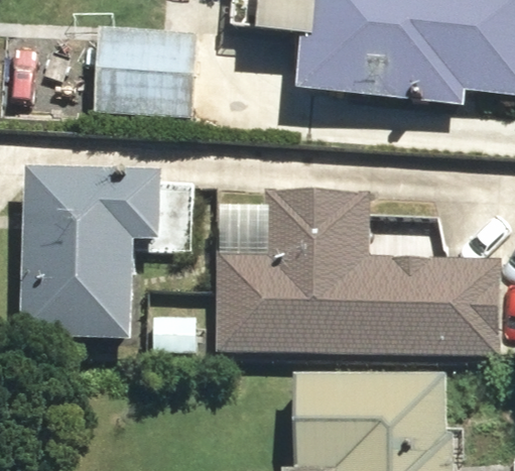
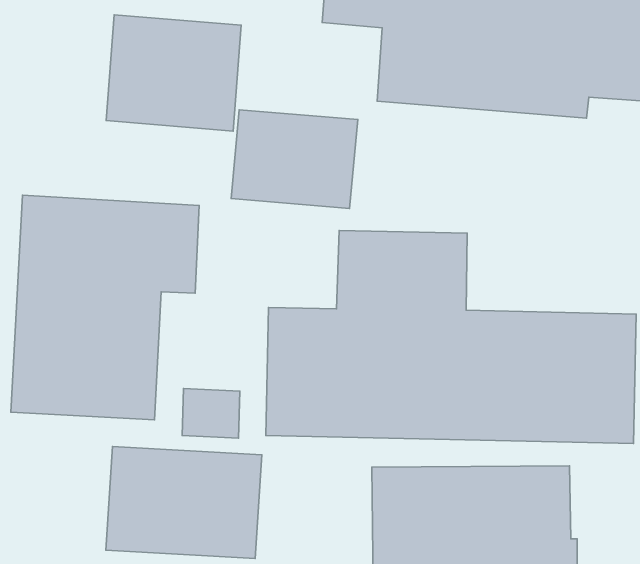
building: none -> [231,110,358,208]
building: none -> [106,447,262,558]

